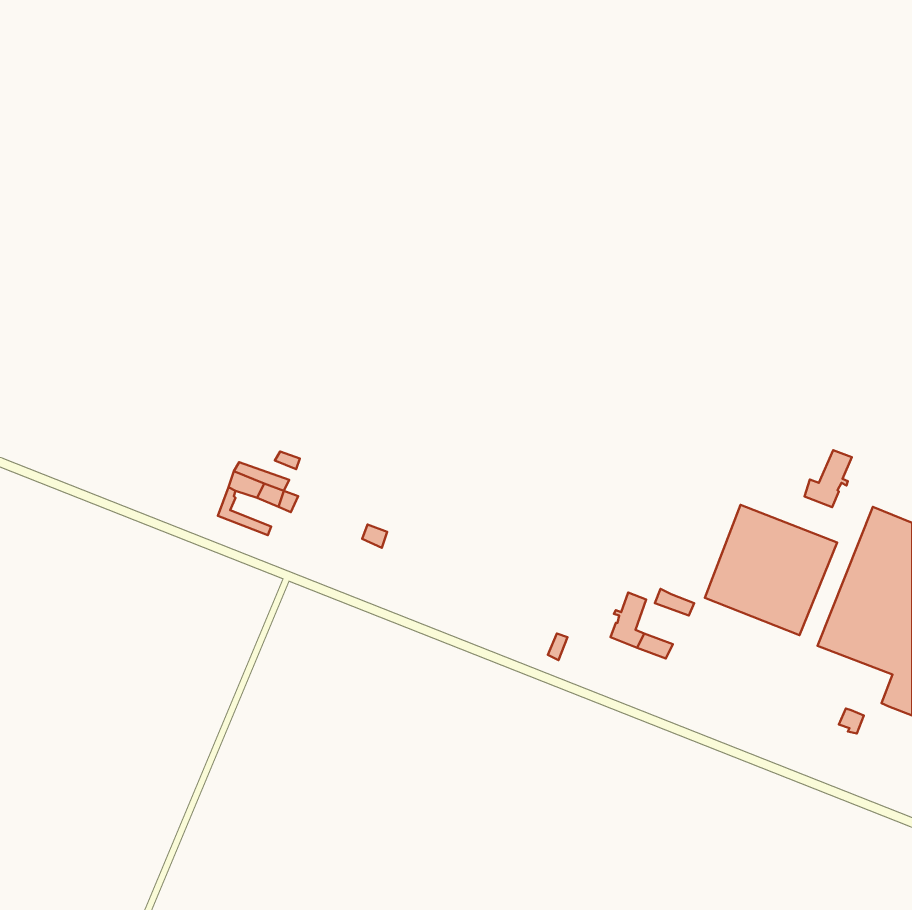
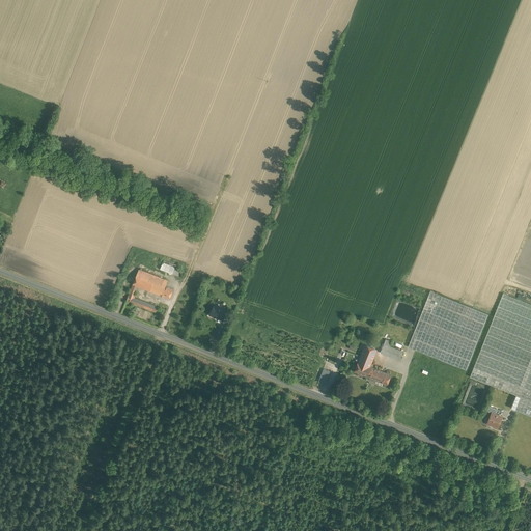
building: [805,450,852,507] -> none

